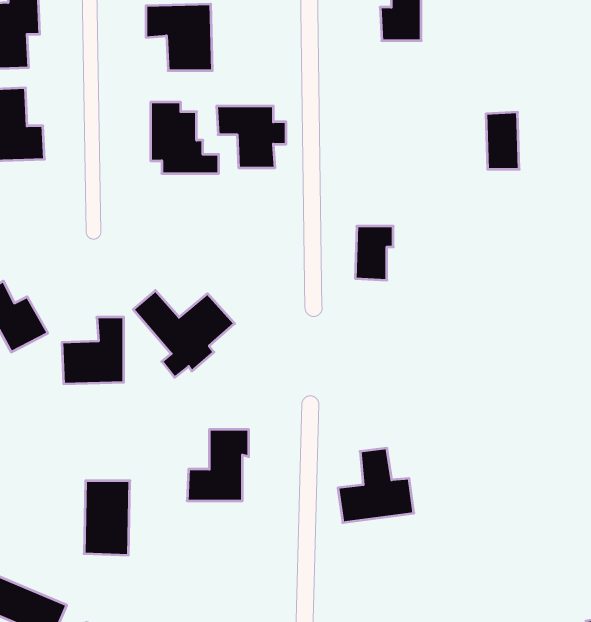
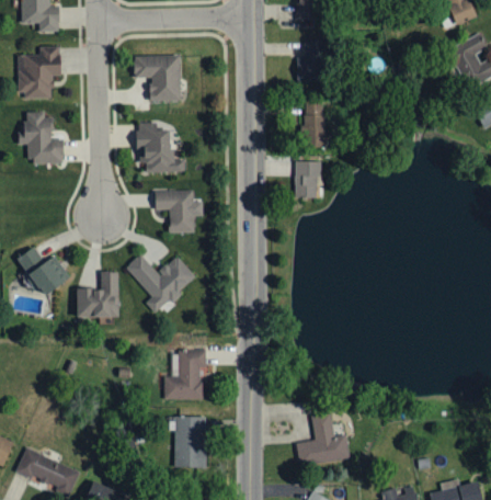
building: [217,106,286,168] -> [155,190,203,232]
building: [486,112,519,169] -> [301,107,324,147]
building: [355,226,393,280] -> [295,161,321,198]
building: [338,448,414,523] -> [297,414,350,466]
building: [84,481,130,555] -> [174,417,206,468]

